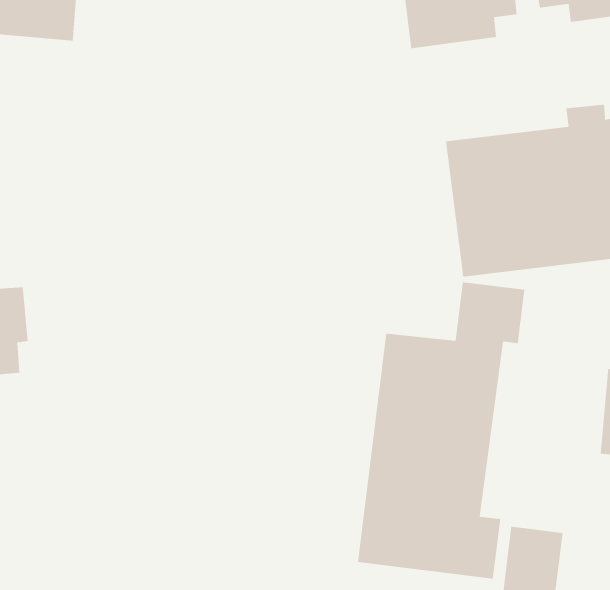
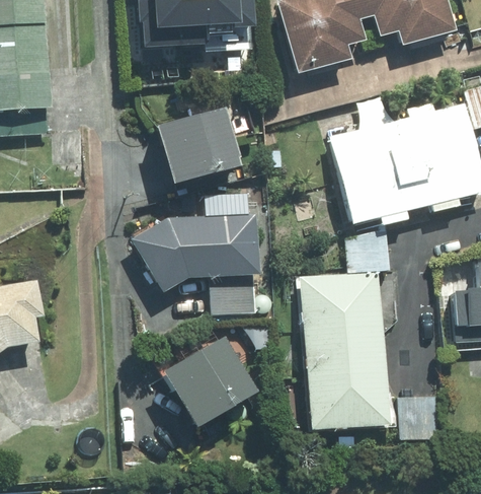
building: none -> [148,105,242,194]
building: none -> [135,210,260,306]
building: none -> [154,335,257,432]

